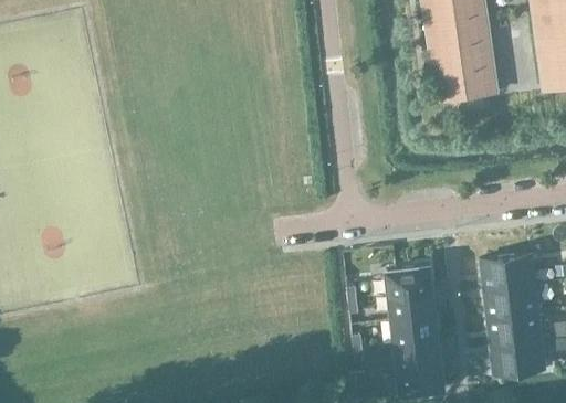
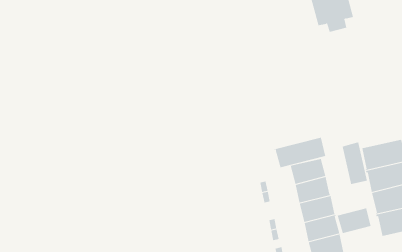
building: none -> [274,137,326,168]
building: none -> [342,141,367,185]
building: none -> [337,208,371,234]

